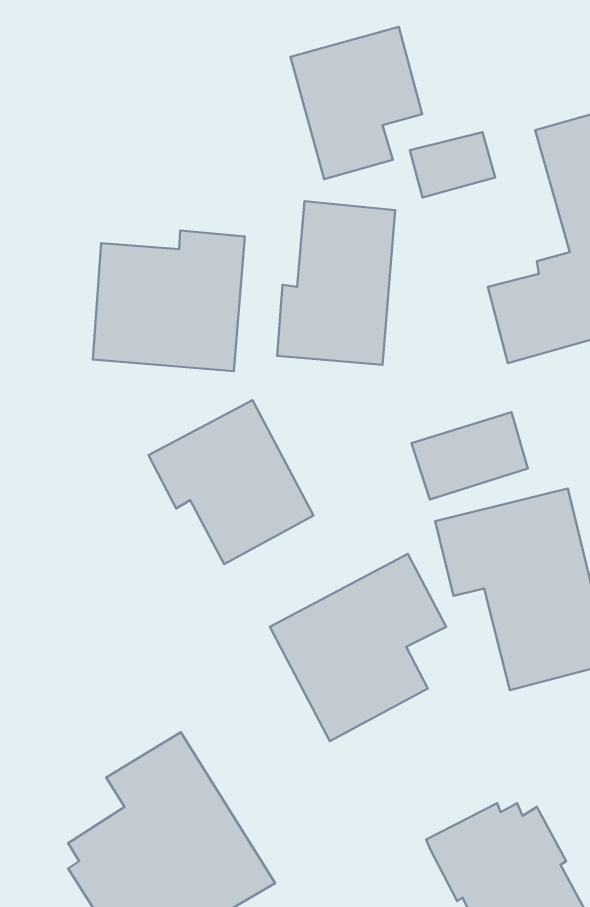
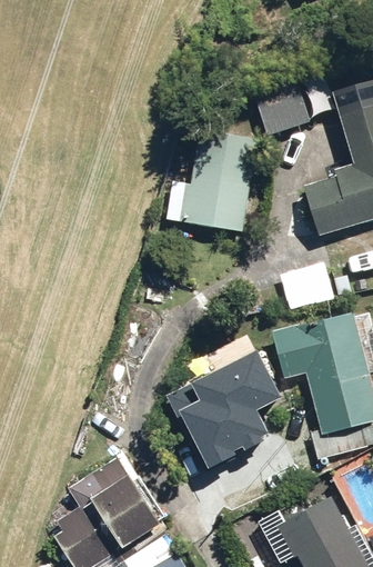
building: [290,27,422,179] -> none
building: [93,231,245,371] -> none
building: [149,400,313,564] -> none

